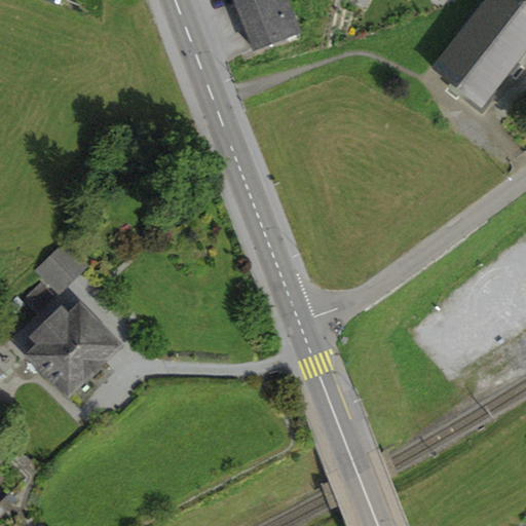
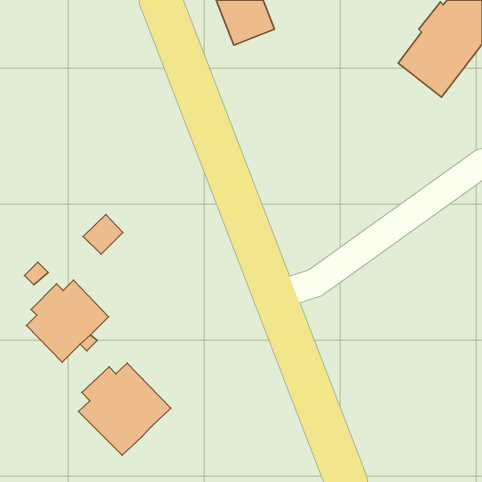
building: [40,247,83,290] -> [83,215,123,254]
building: none -> [79,363,171,455]

